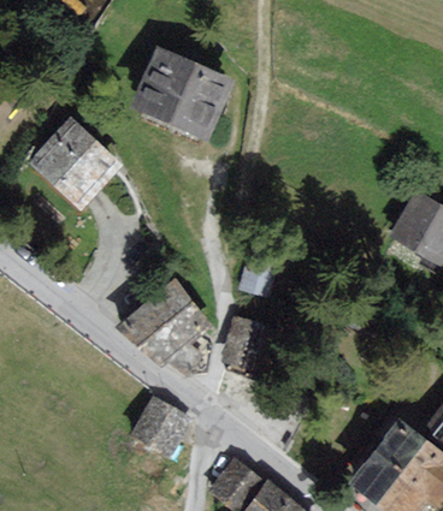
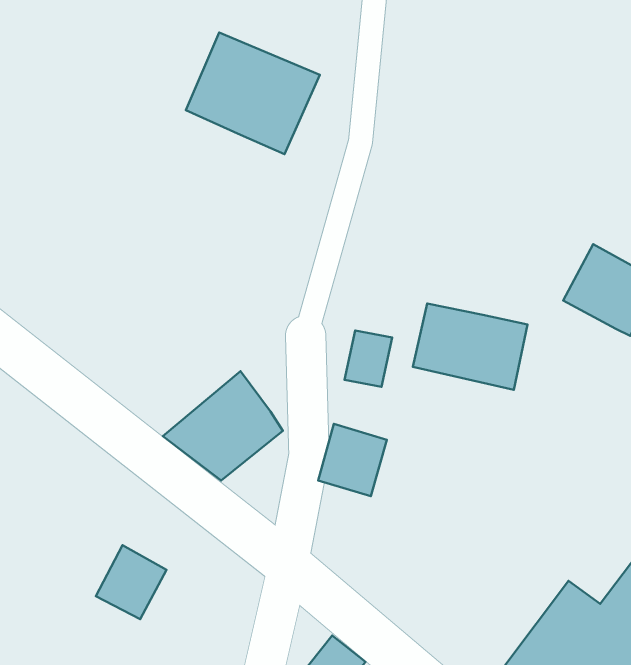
building: [31,121,117,207] -> none
building: none -> [413,303,528,390]
building: [136,399,184,450] -> [96,545,166,619]

